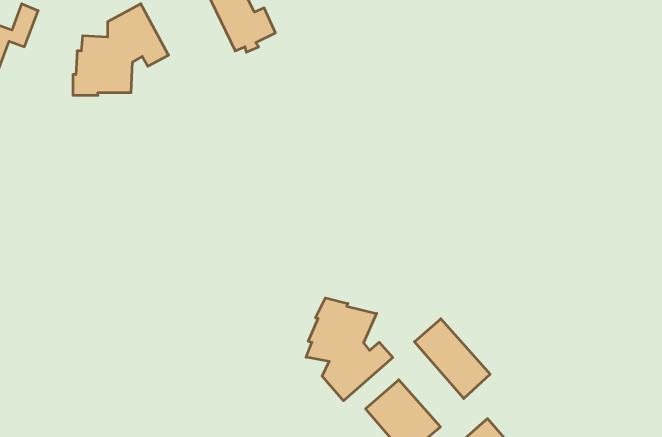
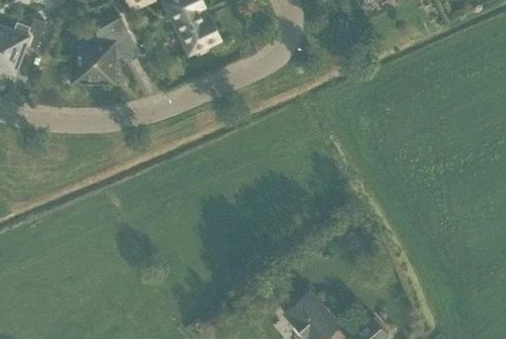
building: [306,298,393,401] -> none
building: [414,319,490,399] -> none

